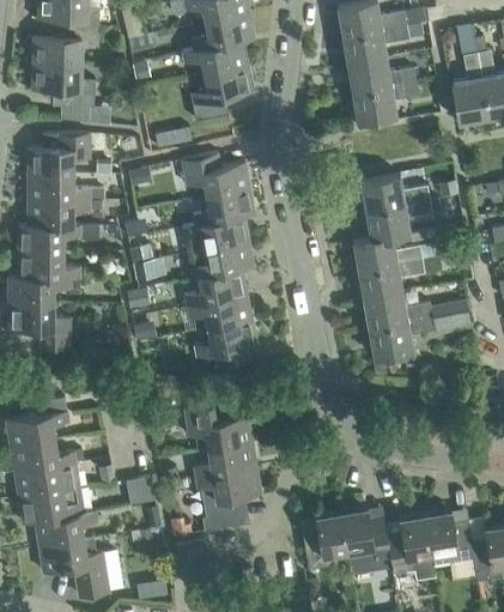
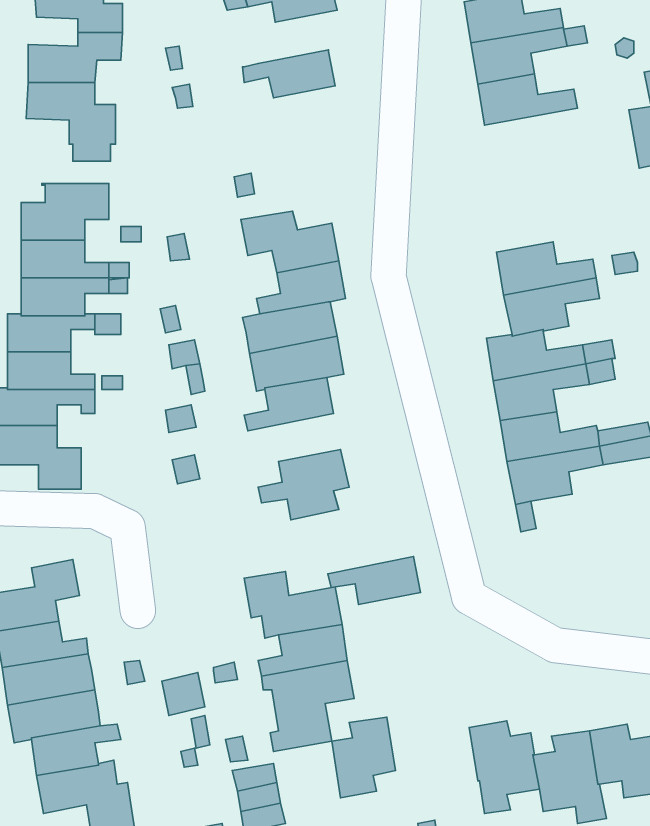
building: [192,13,255,50] -> none
building: [190,66,253,104] -> none
building: [352,81,419,122] -> none
building: [187,295,251,328] -> [328,557,420,605]
building: [303,514,347,570] -> [332,717,395,798]

